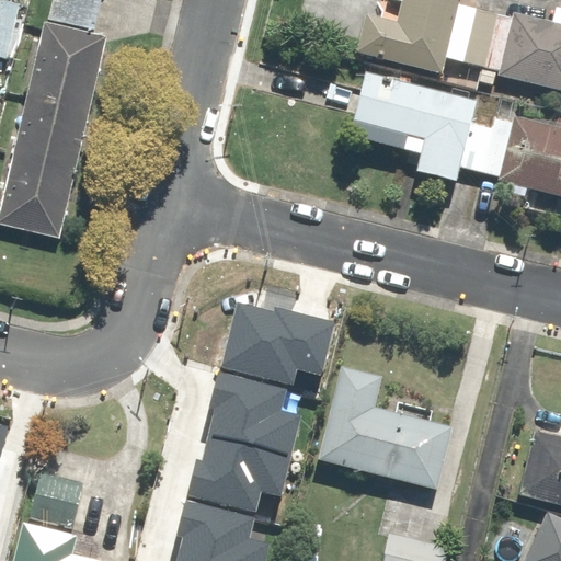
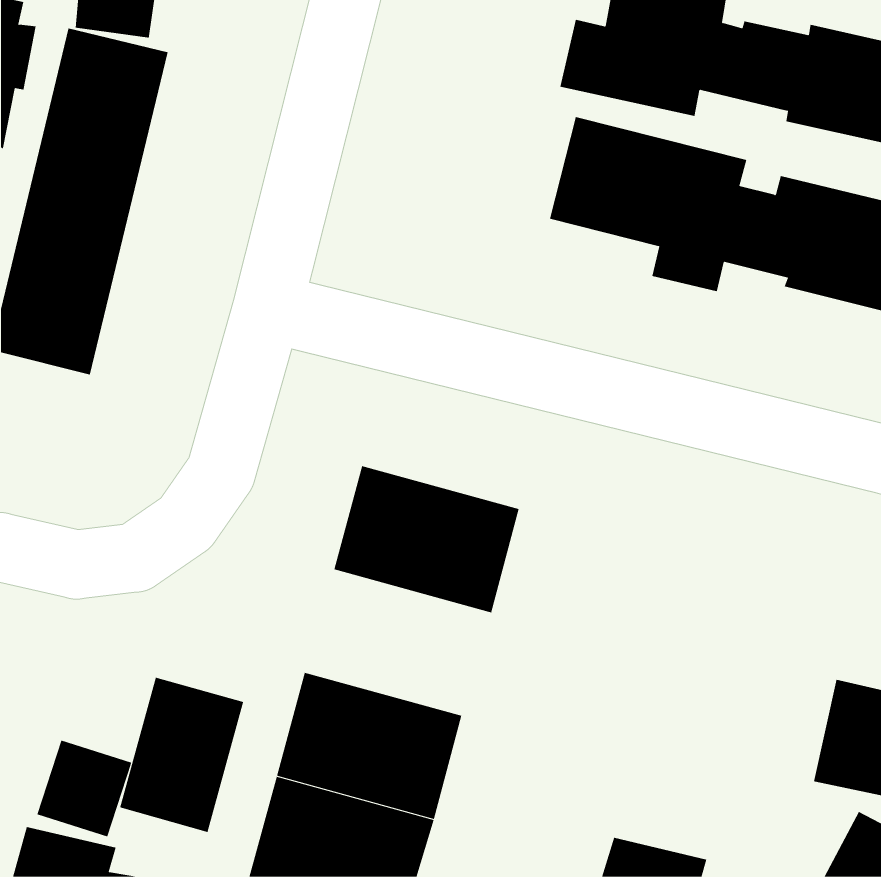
building: [196,359,314,451] -> none
building: [318,366,448,486] -> none
building: none -> [120,677,244,833]

